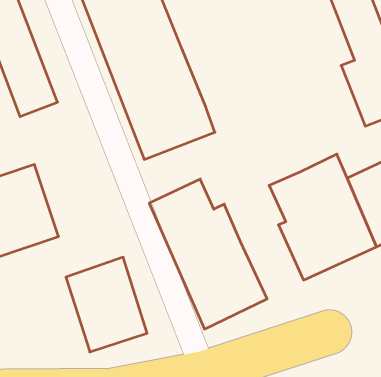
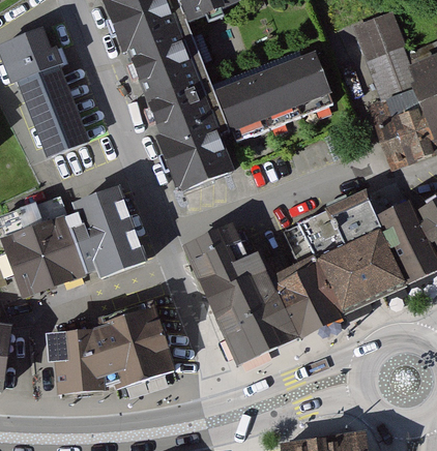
building: none -> [212,52,334,147]
building: none -> [65,184,149,276]
building: none -> [270,265,332,338]
building: none -> [51,317,120,391]

